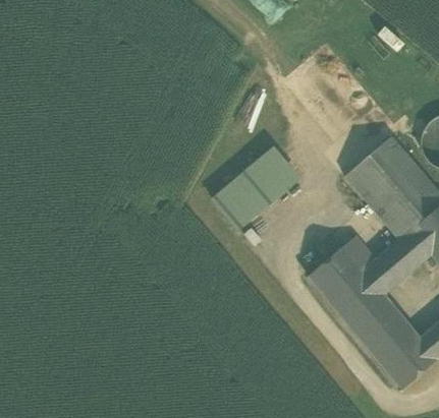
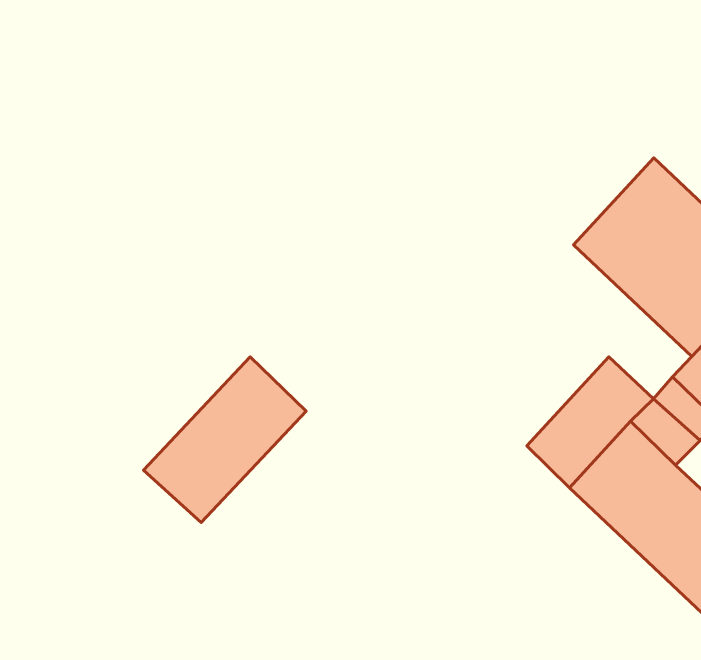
building: [212,147,299,230] -> [143,357,306,523]

